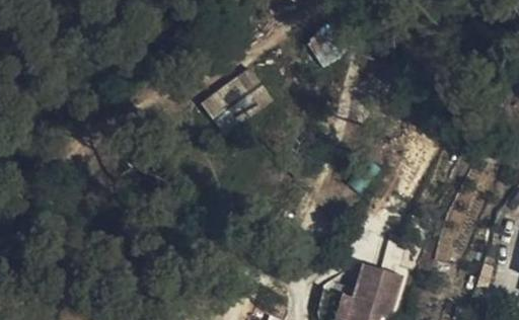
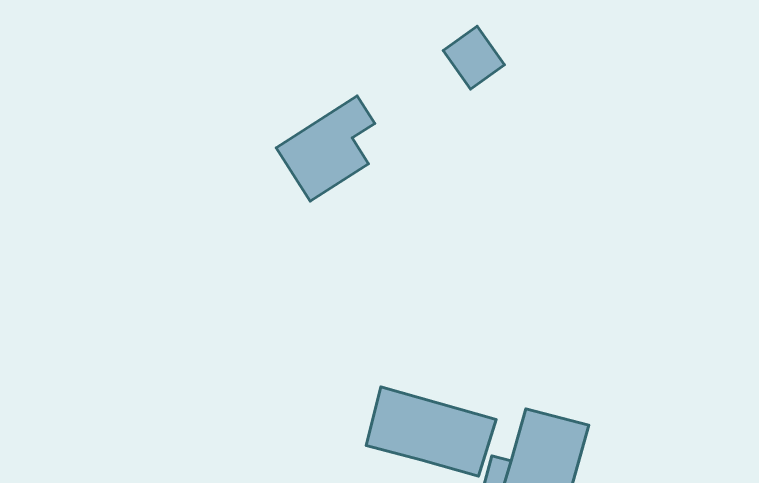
building: none -> [366,387,496,476]

